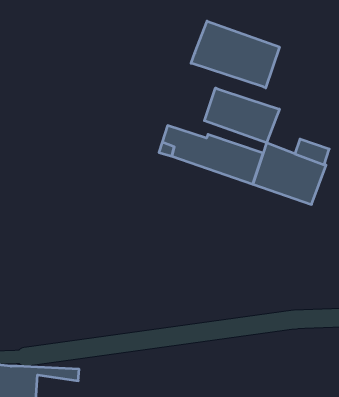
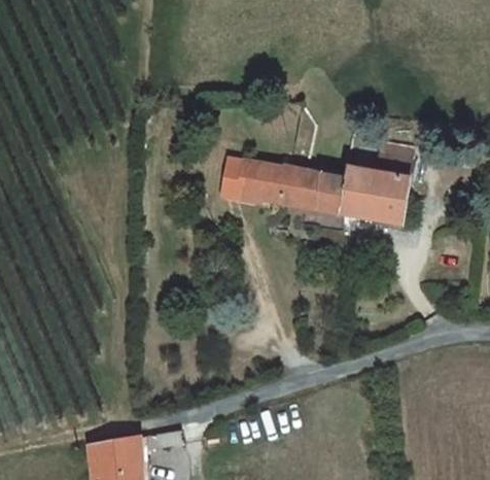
building: [191,21,279,88] -> none
building: [204,88,279,143] -> none

